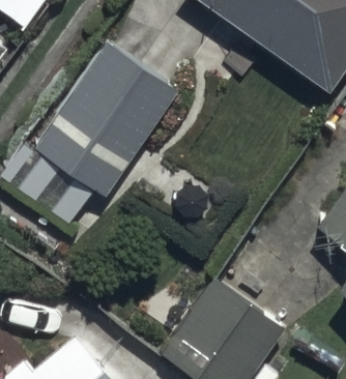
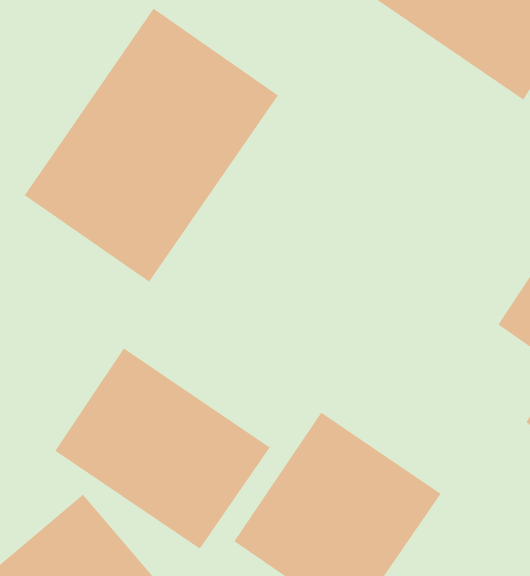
building: none -> [54,347,270,550]

